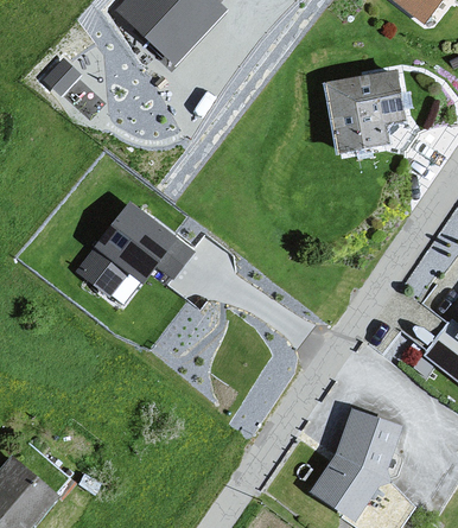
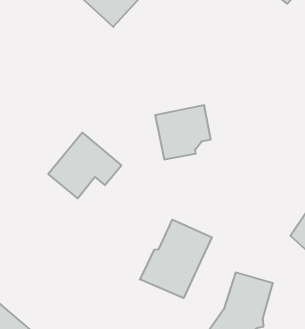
building: [326,66,406,144] -> [155,105,211,159]
building: none -> [140,220,212,298]

